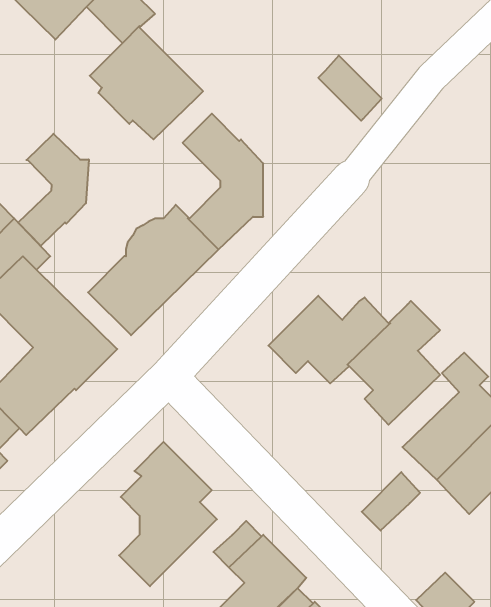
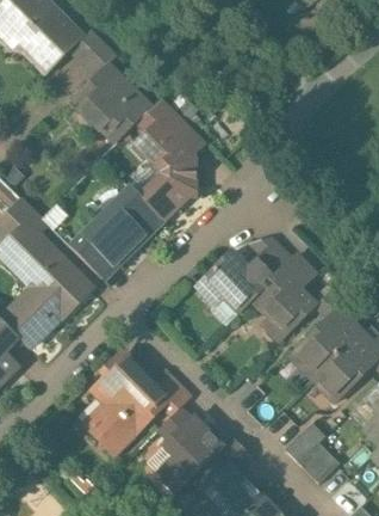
building: [318,55,382,121] -> [145,98,190,143]
building: [18,134,89,246] -> none
building: none -> [247,235,292,270]
building: none -> [148,373,192,417]
building: [362,472,420,531] -> [285,422,325,462]

